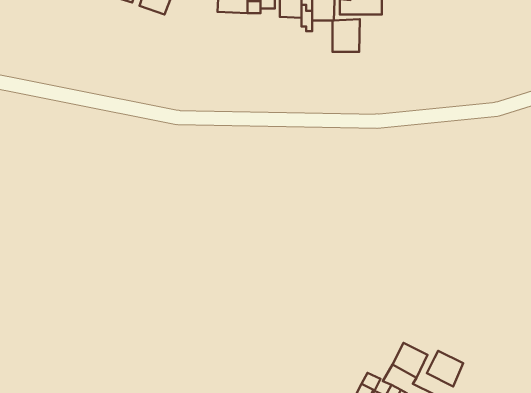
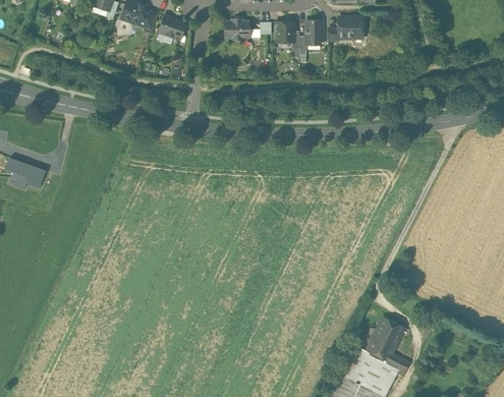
building: [333,19,360,52] -> none
building: [427,351,463,387] -> none

